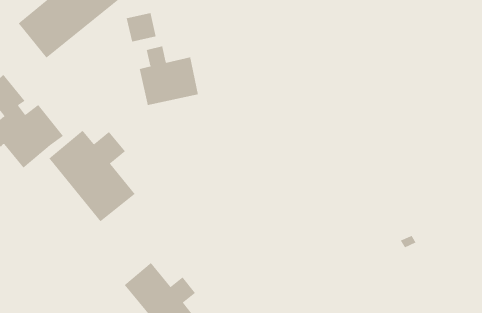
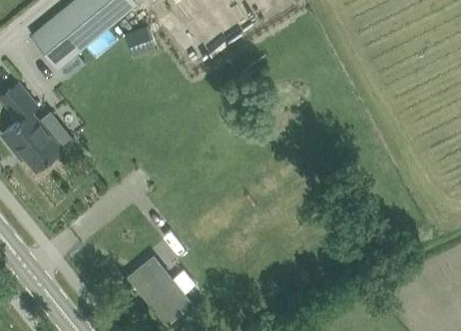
building: [139,45,198,106] -> none
building: [49,130,136,222] -> none

